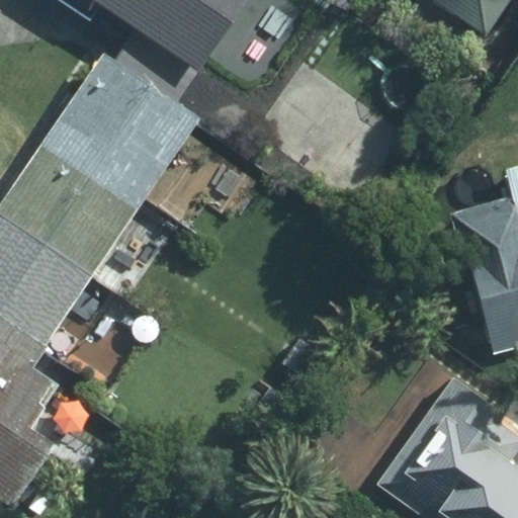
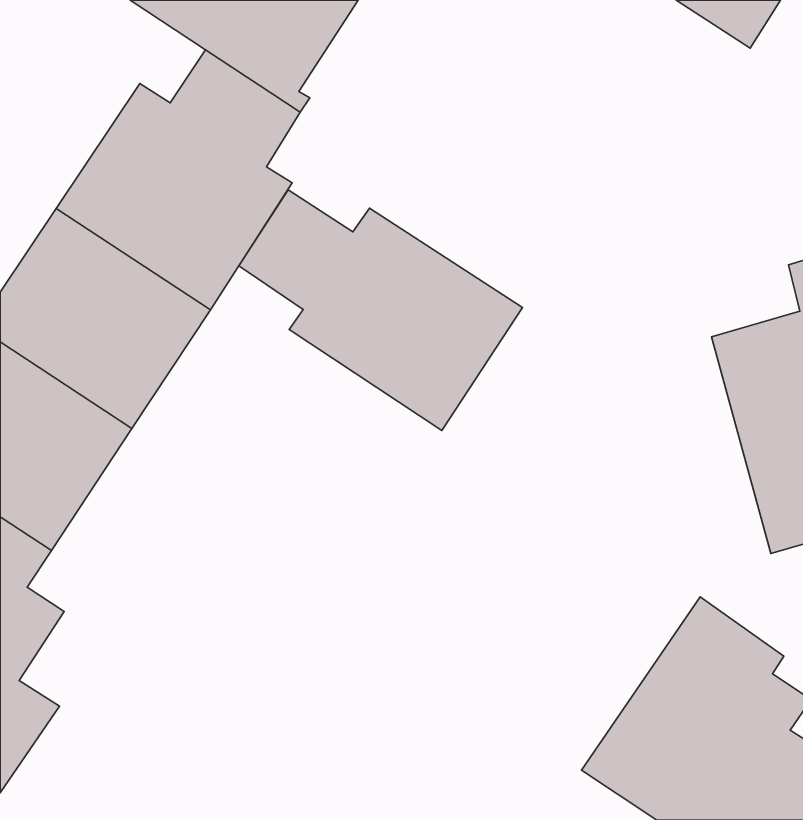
building: none -> [239,190,523,431]

